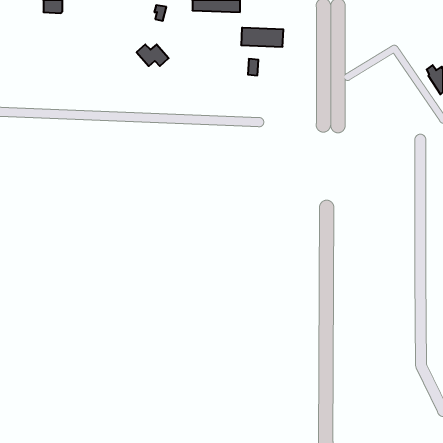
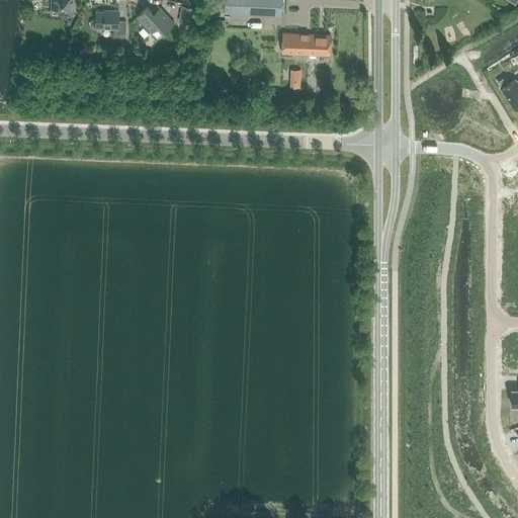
building: none -> [90,10,125,37]
building: [137,44,169,66] -> [137,7,174,32]

